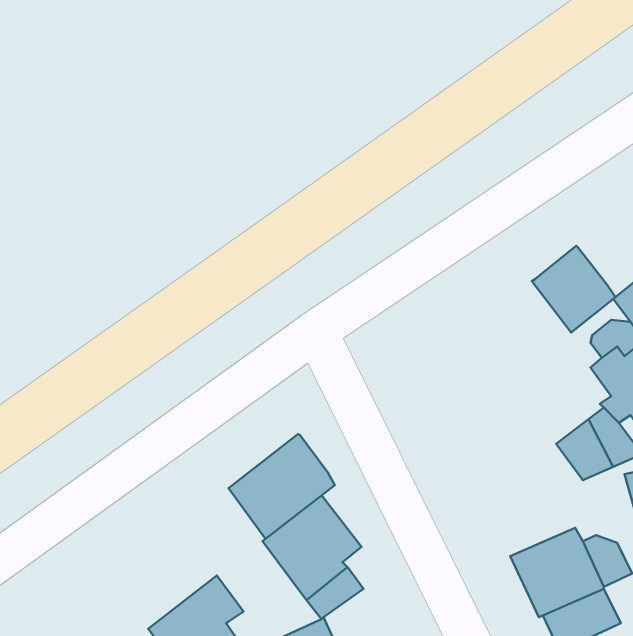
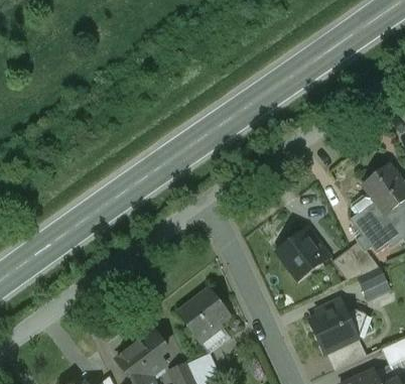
building: [532,246,615,333] -> none
building: none -> [276,230,325,280]
building: [229,434,335,539] -> none

